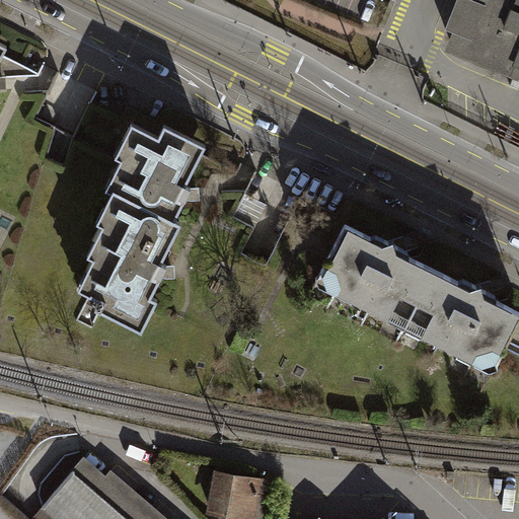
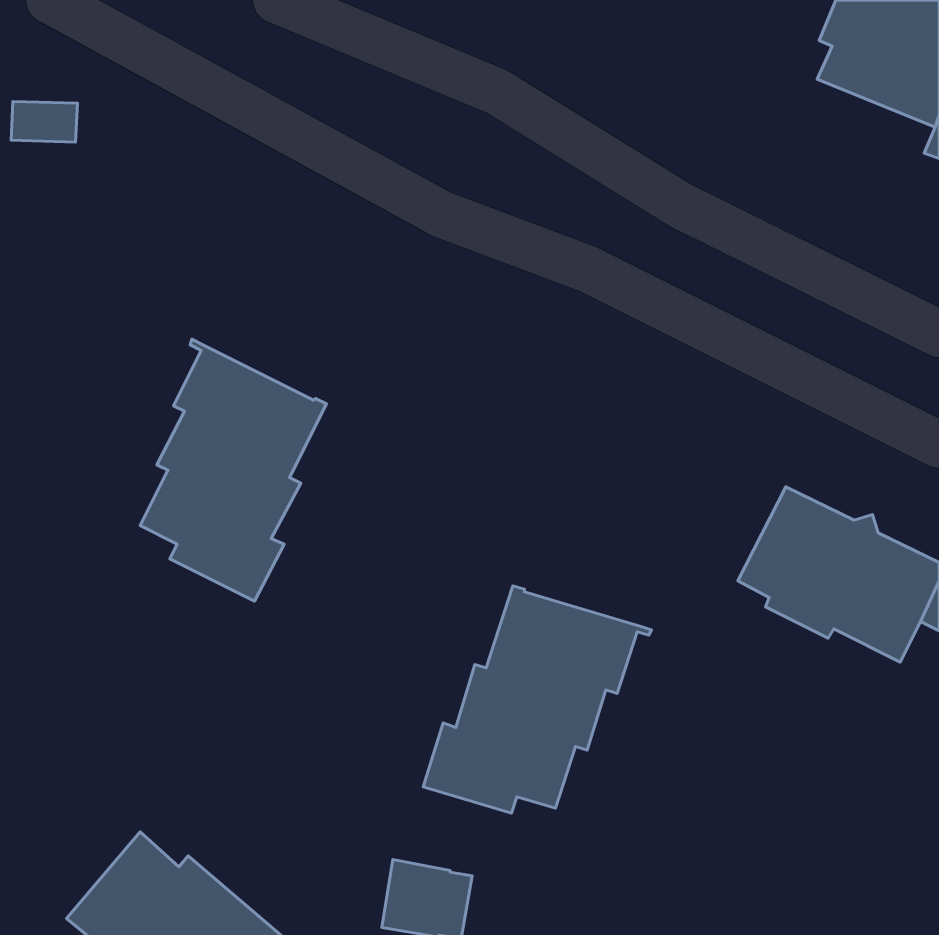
building: [105,126,204,224] -> none
building: [316,227,432,323] -> none
building: none -> [423,586,651,813]

